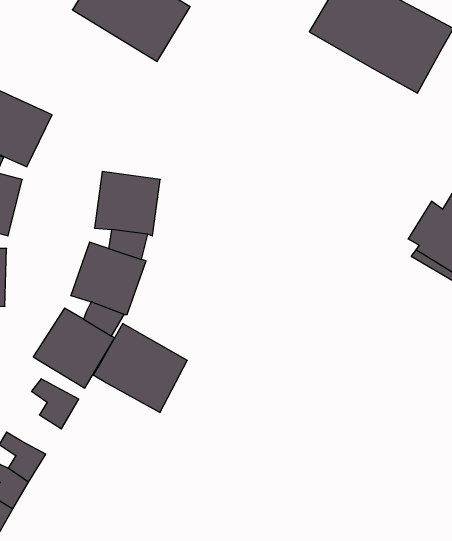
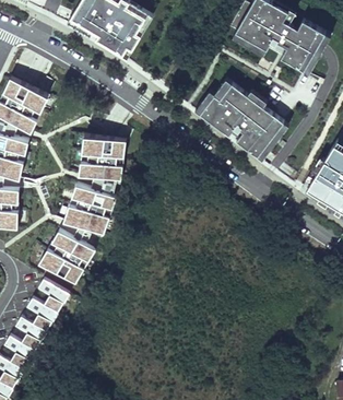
building: none -> [198,79,286,161]
building: [93,323,187,413] -> none
building: none -> [26,295,59,330]

